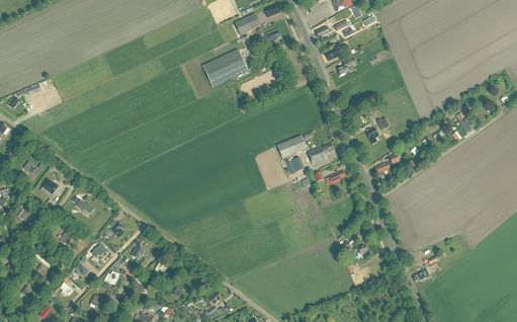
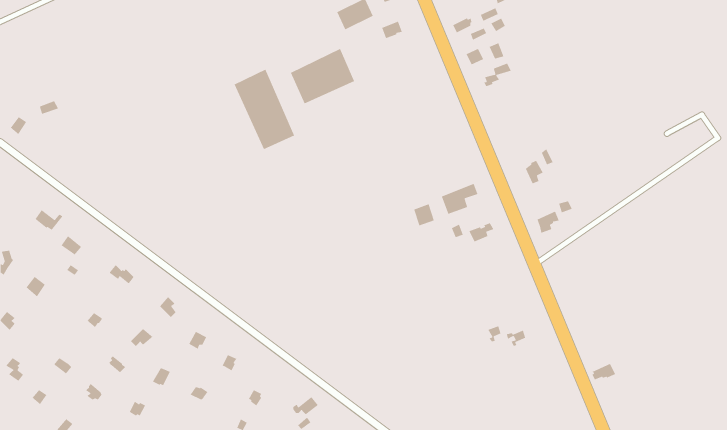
building: none -> [233,69,295,150]
building: [277,135,307,158] -> none

